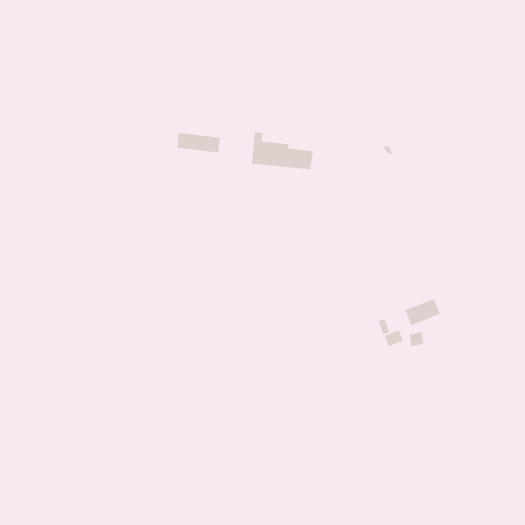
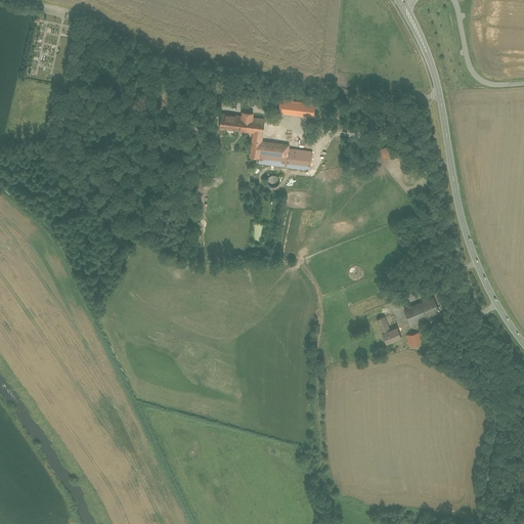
building: none -> [277,98,314,116]
building: [177,132,221,153] -> [220,112,264,132]

